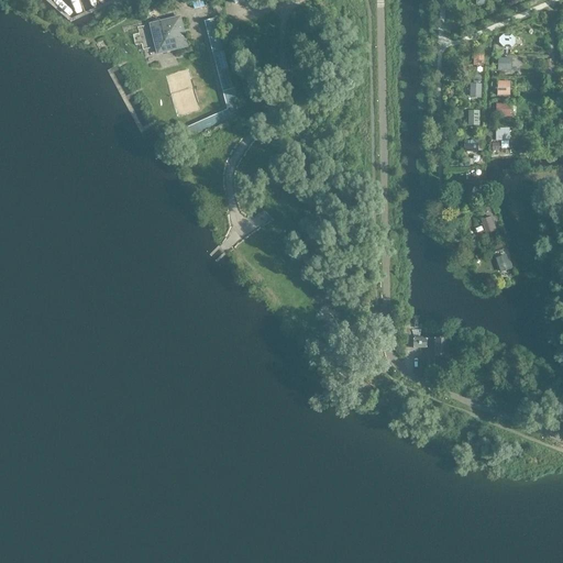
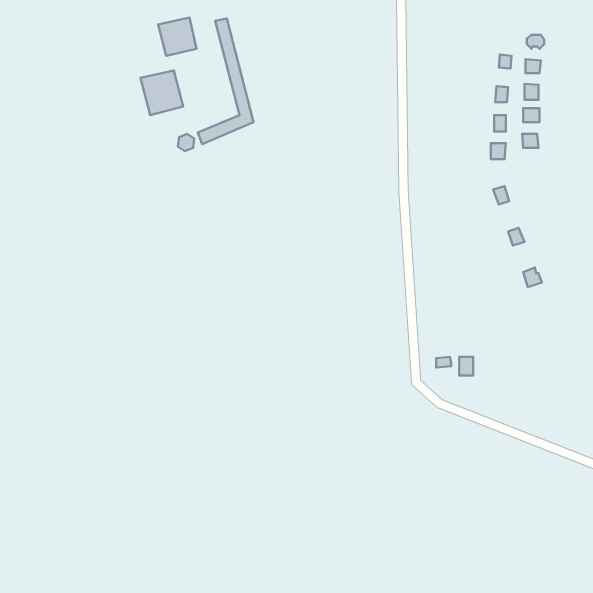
building: none -> [141,71,183,115]

